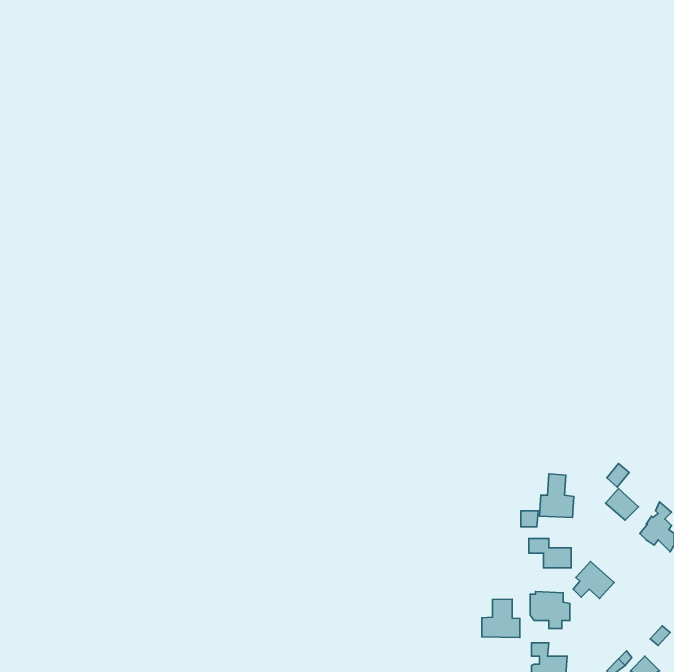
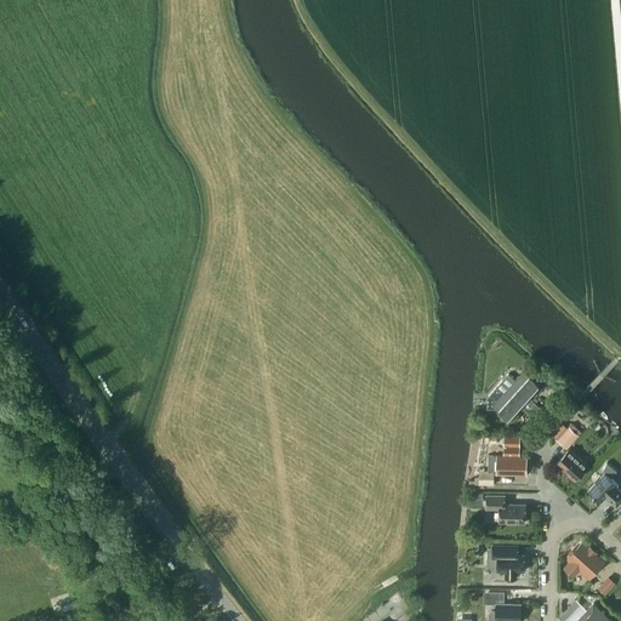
building: none -> [486,372,540,421]
building: [573,562,614,598] -> [565,545,603,579]
building: [482,599,520,637] -> none

